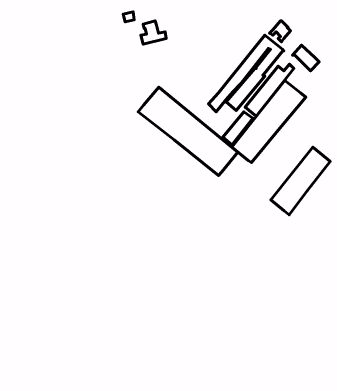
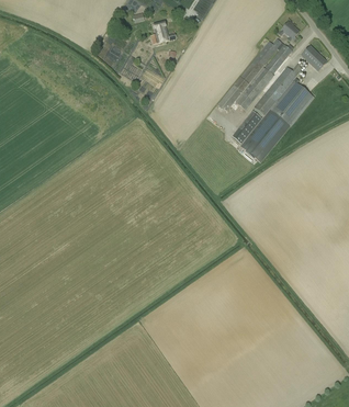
building: [138,87,238,175] -> none
building: [271,147,330,215] -> none

